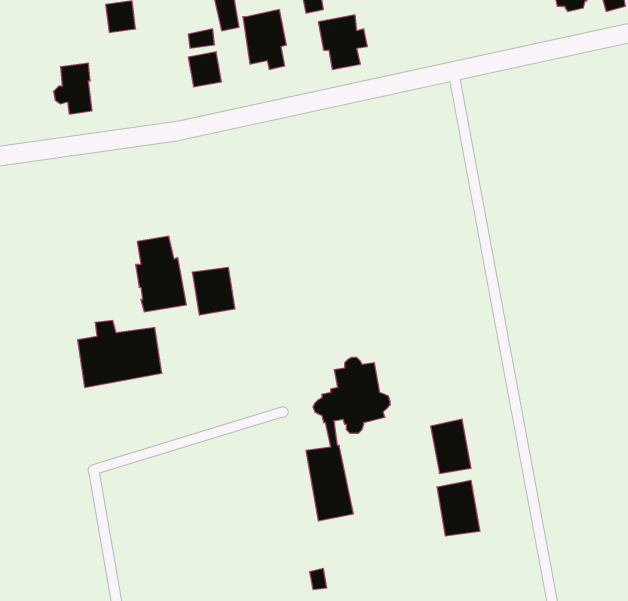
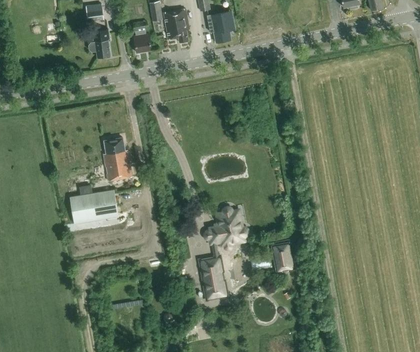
building: [53,63,92,114] -> [88,28,110,57]
building: [192,267,235,315] -> none
building: [437,480,480,536] -> none

